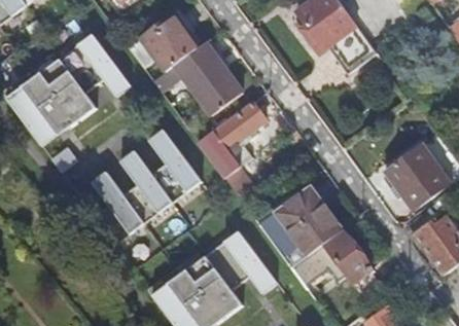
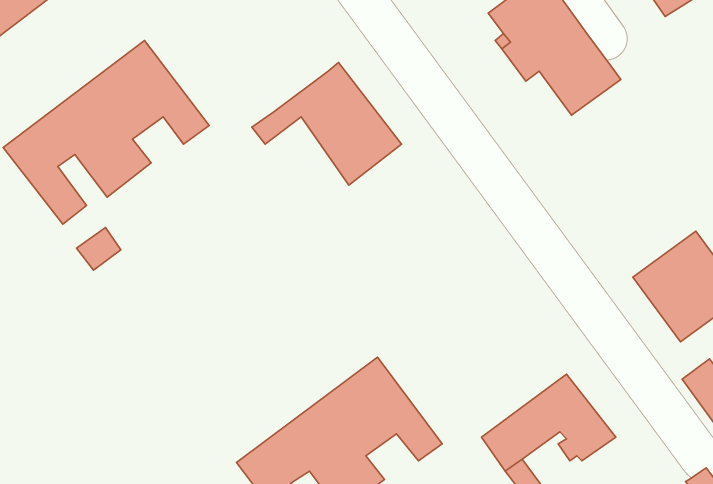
building: [141,13,200,72] -> none
building: [199,102,267,203] -> none
building: [89,124,198,240] -> none
building: [259,186,344,268] -> none

